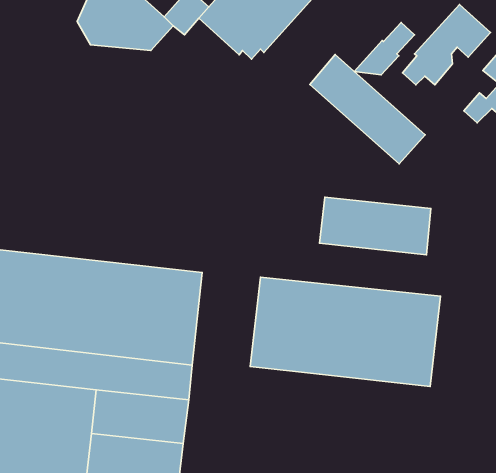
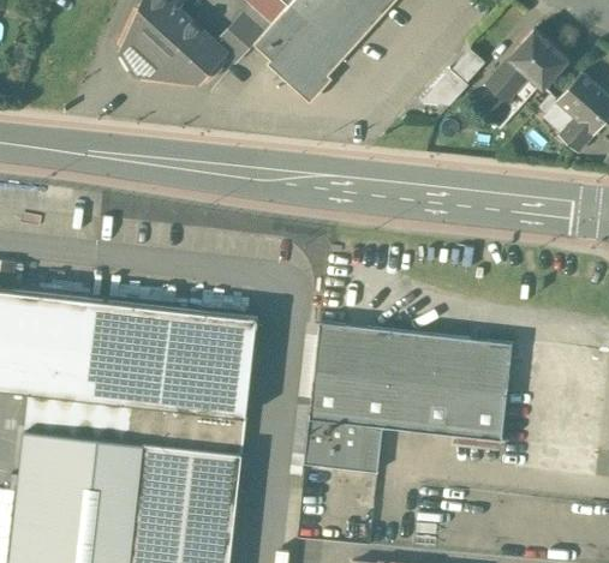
building: [310,54,425,164] -> none
building: [319,197,431,255] -> none
building: none -> [303,419,382,473]

